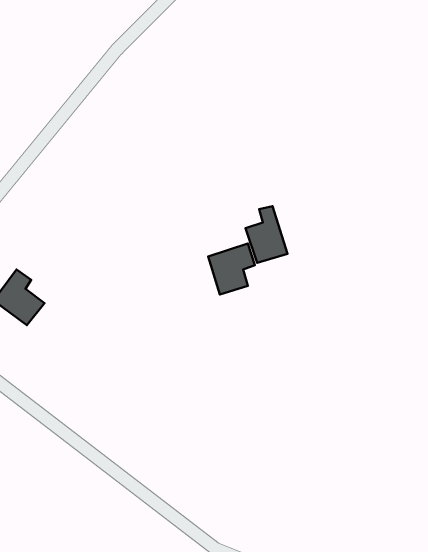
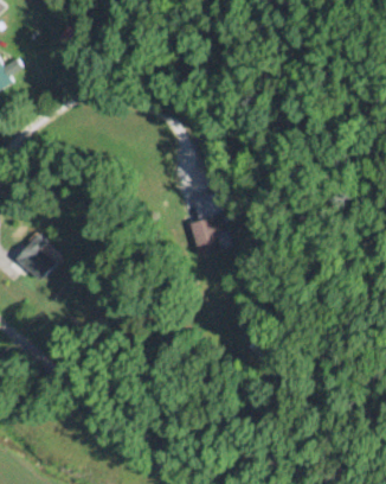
building: [246,206,288,263] -> none

